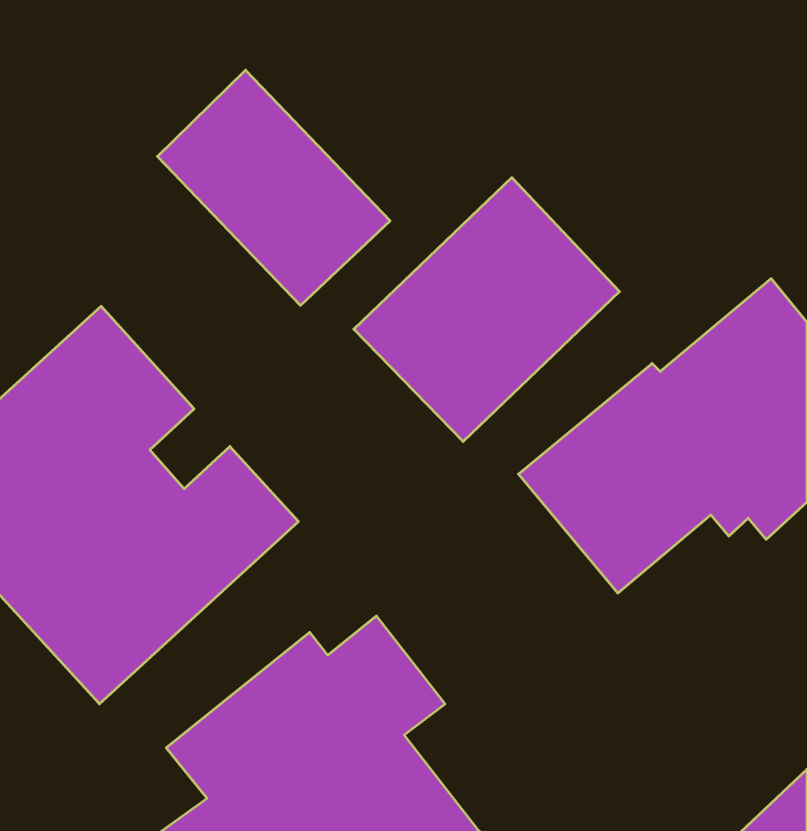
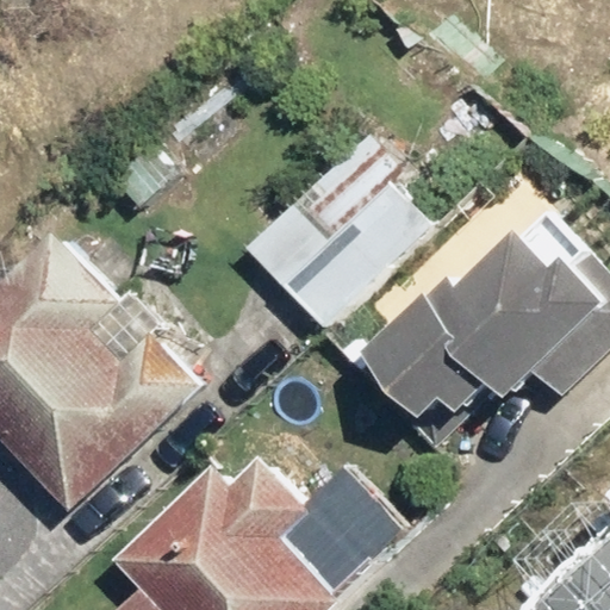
building: [157,70,390,305] -> none

